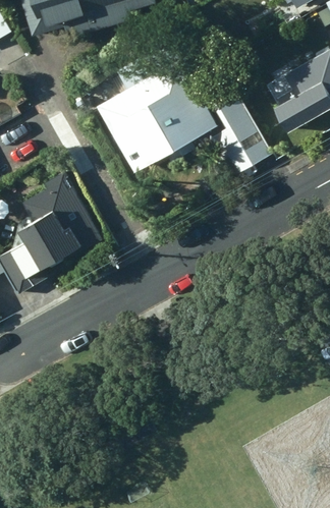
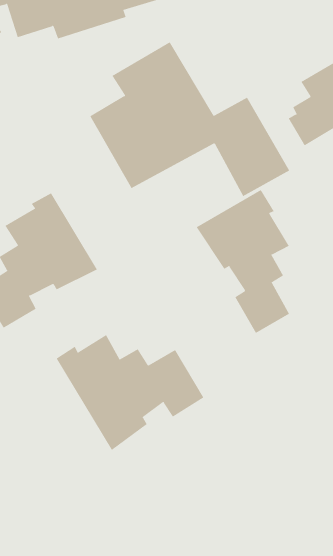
building: none -> [196,189,290,334]
building: none -> [56,334,204,451]

